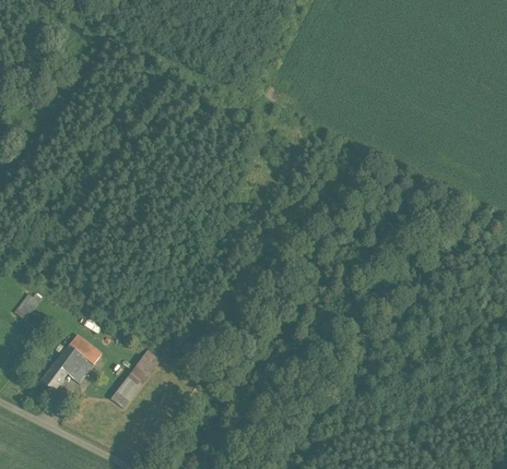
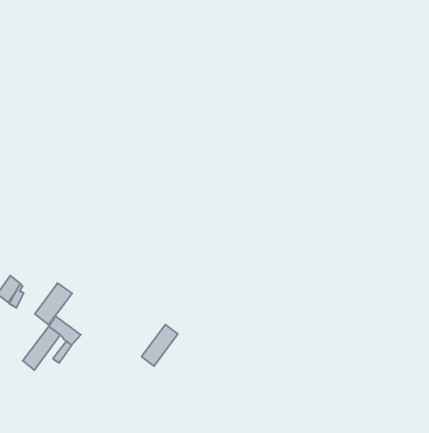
building: none -> [35,283,72,324]
building: [110,364,149,408] -> [142,325,178,366]

